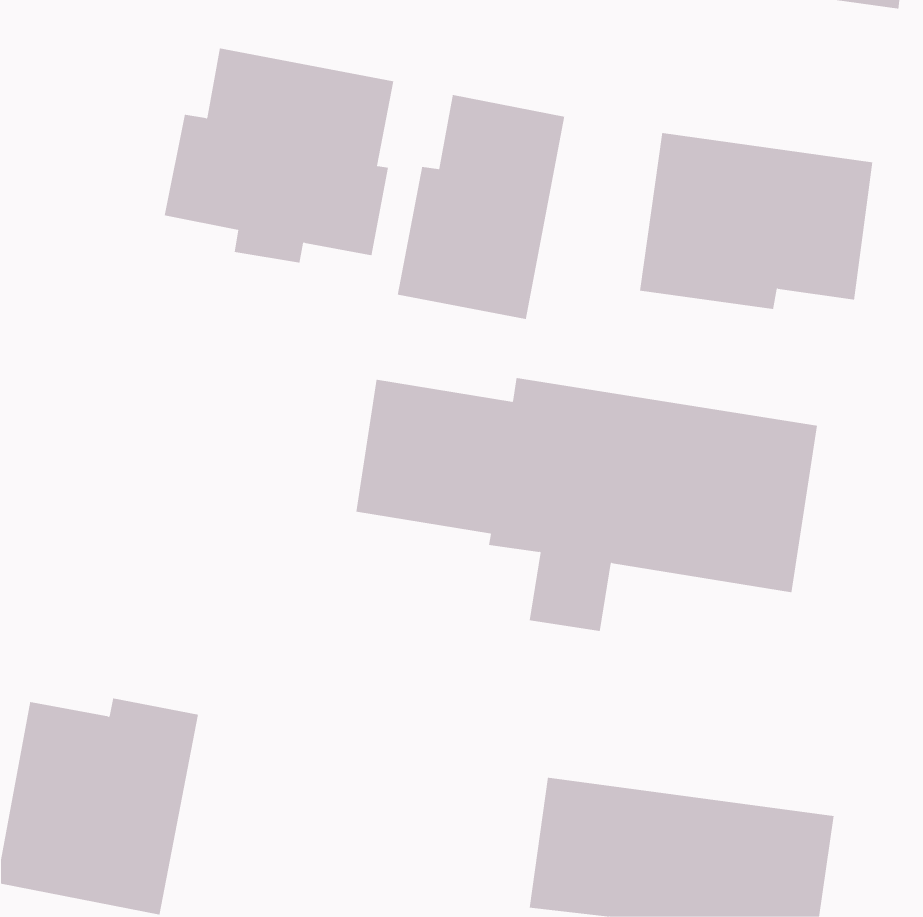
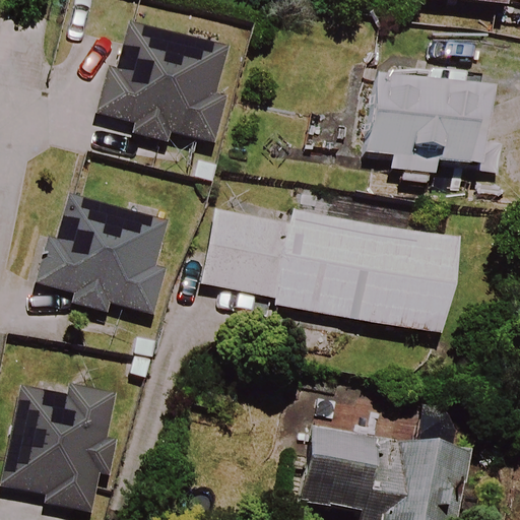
building: [397,94,565,320] -> none
building: none -> [42,197,166,316]

